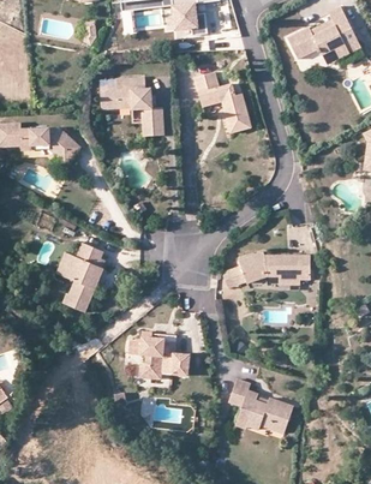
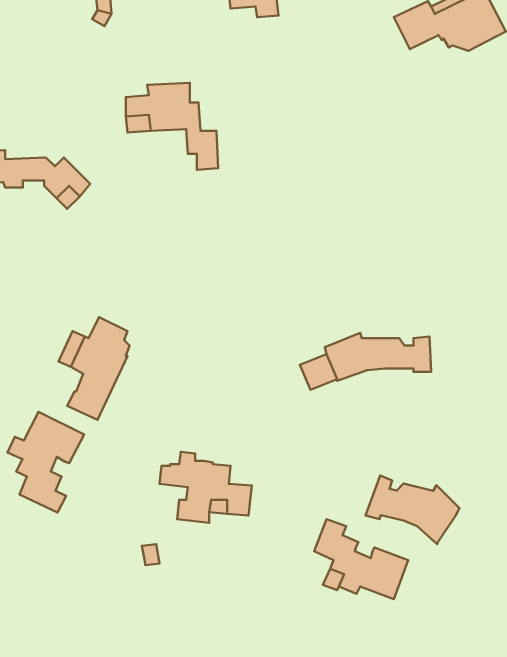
building: [196,73,251,135] -> none
building: none -> [7,412,84,513]
building: none -> [366,475,460,544]

